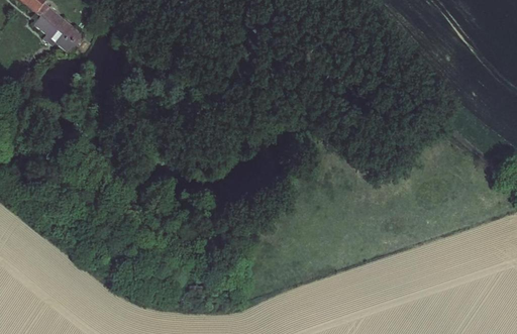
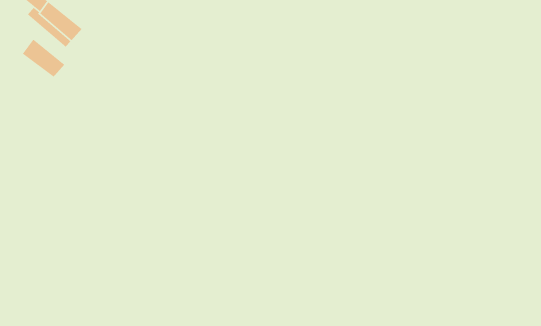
building: none -> [22,38,65,78]

